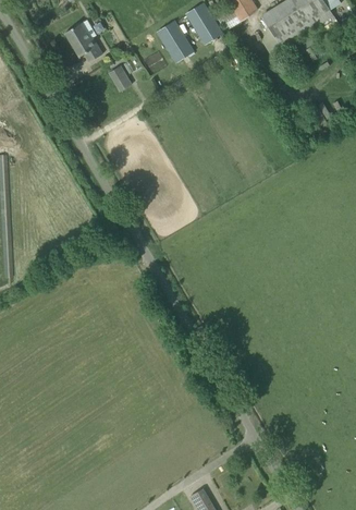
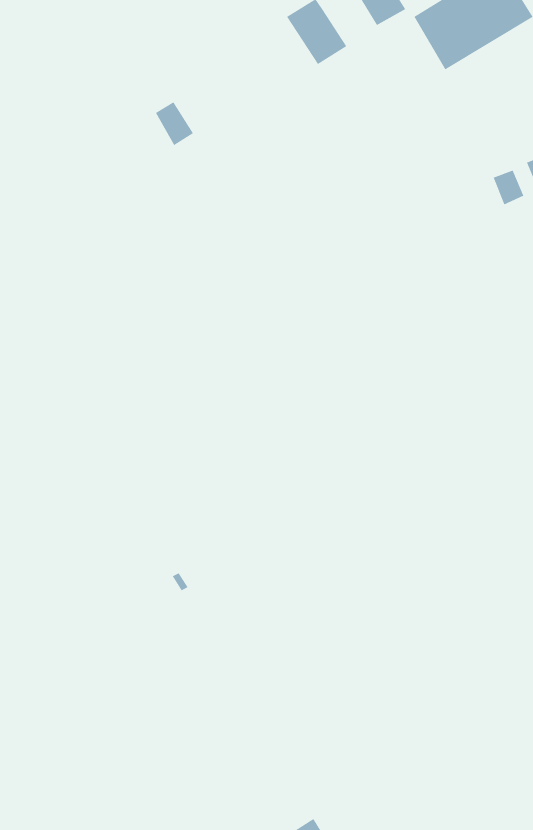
building: [159,22,194,62] -> none
building: [65,23,103,61] -> none

